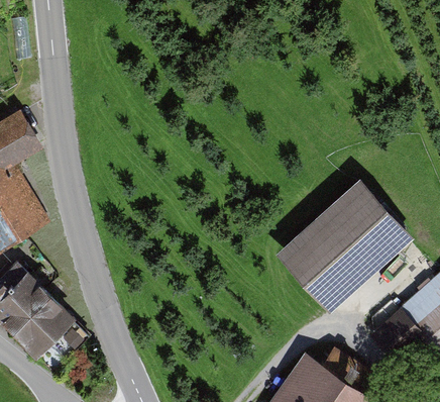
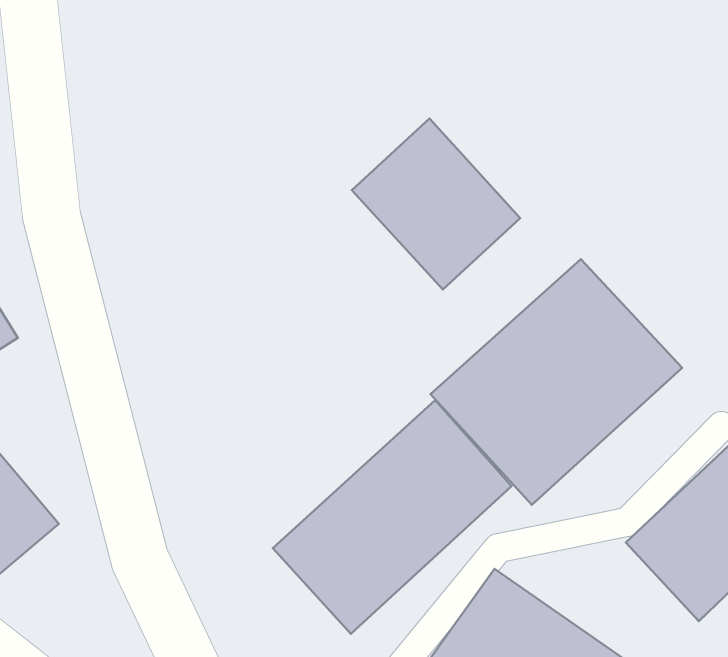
building: none -> [352,119,520,290]
building: none -> [273,400,511,634]

